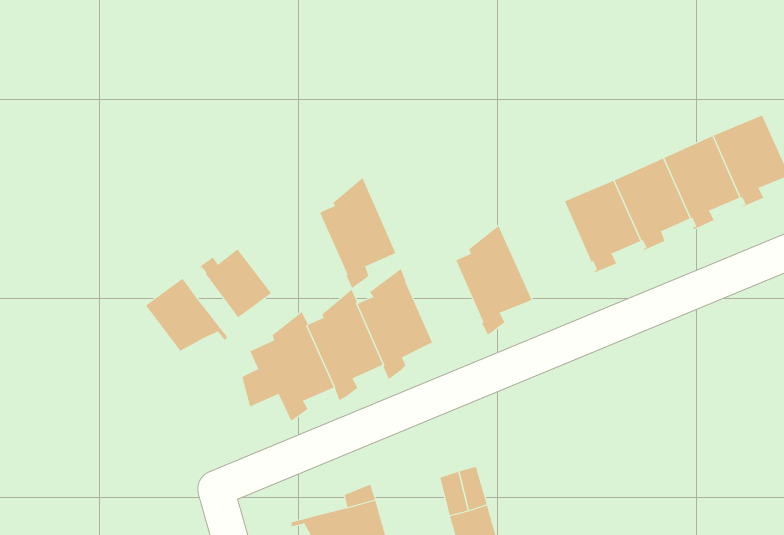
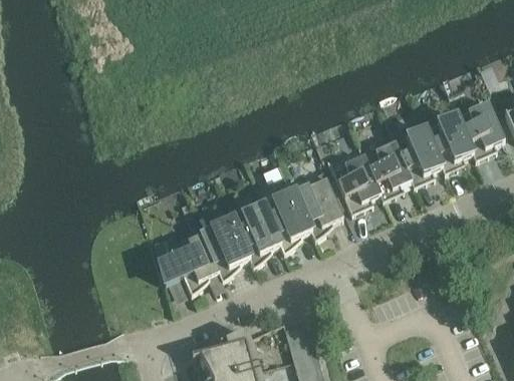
building: [320,177,396,289] -> [263,181,311,252]
building: none -> [331,153,379,212]
building: [198,248,272,318] -> none
building: [145,278,228,351] -> none

